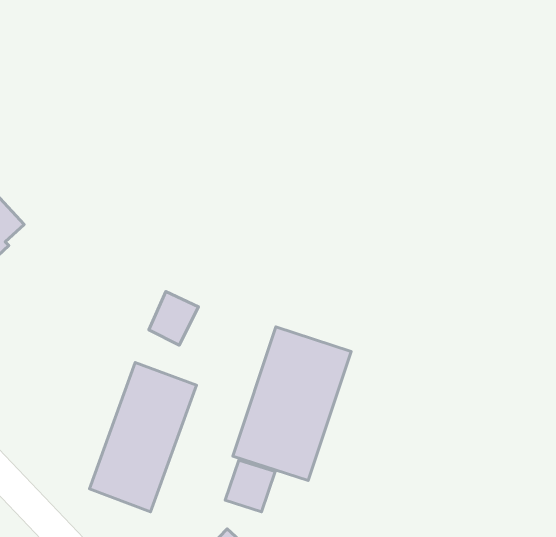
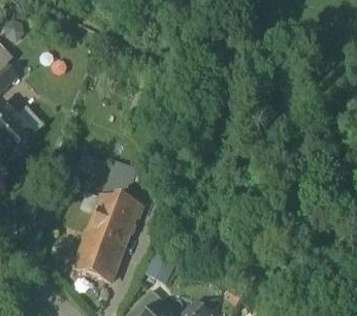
building: [233,327,351,480] -> none

